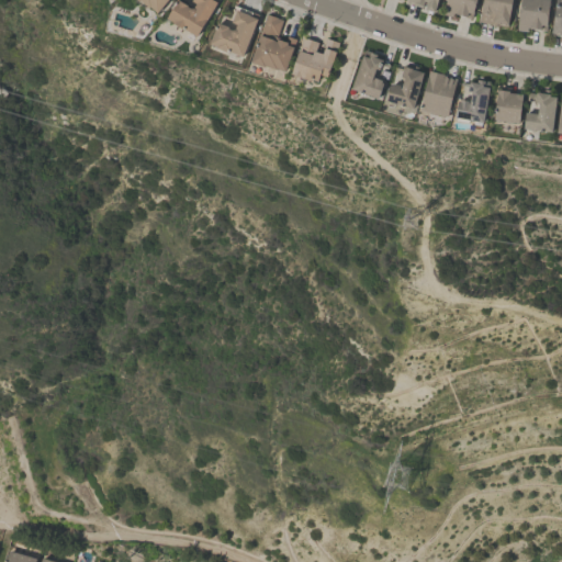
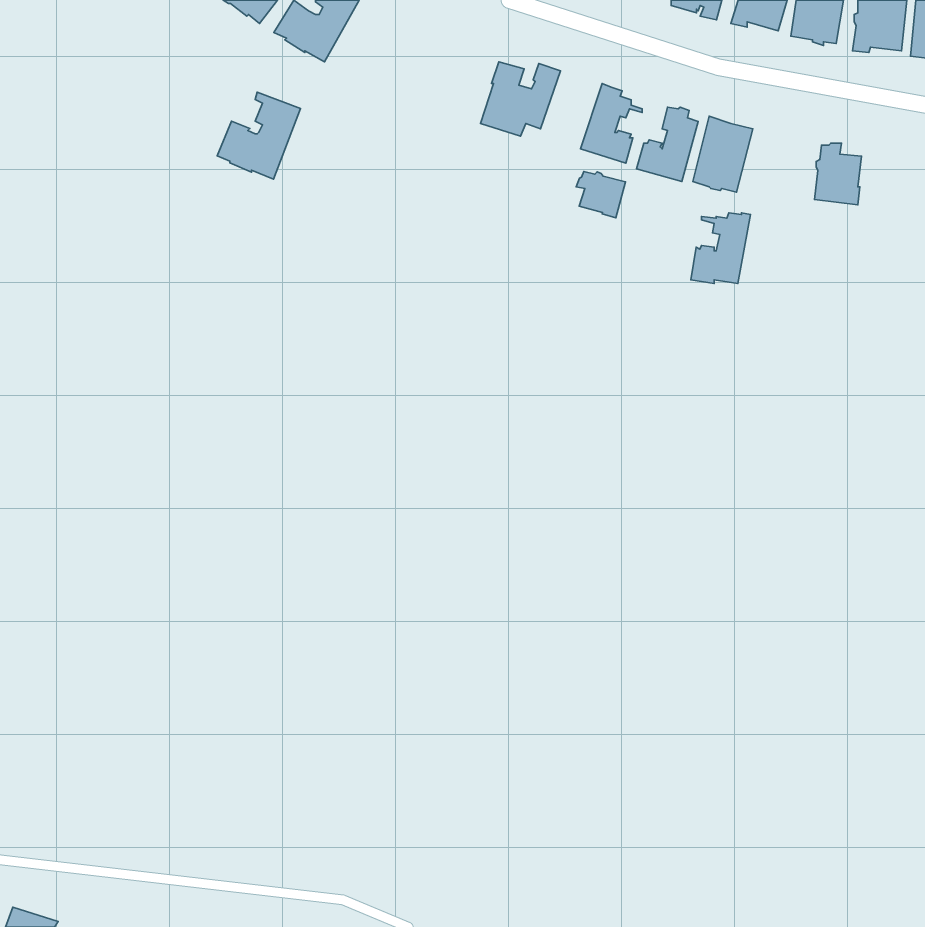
building: [210,5,260,58] -> [217,92,301,179]
building: [251,14,297,72] -> none
building: [454,80,491,123] -> [691,213,751,283]
building: [524,89,557,133] -> none
building: none -> [576,171,625,218]

